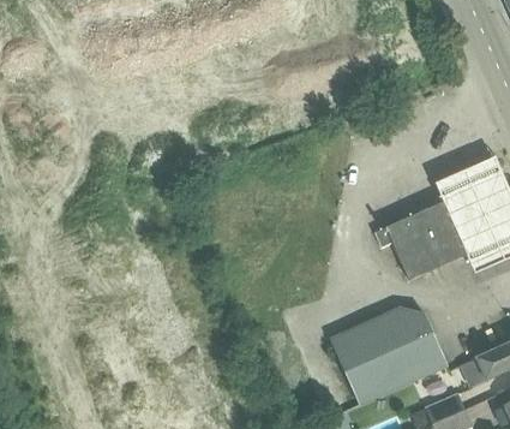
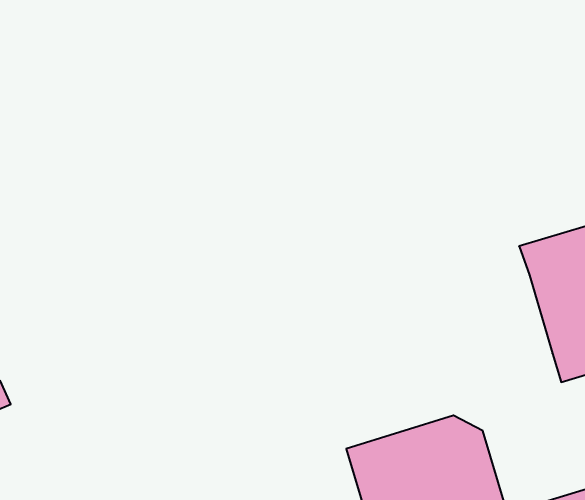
building: [374,201,466,279] -> none

